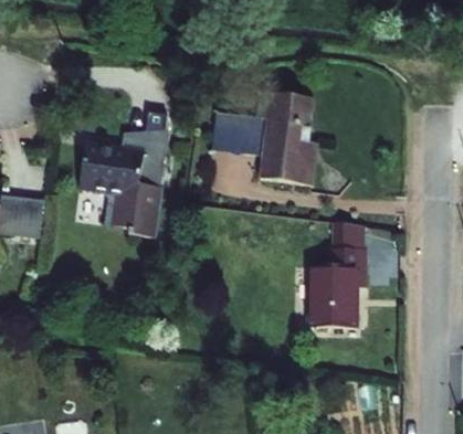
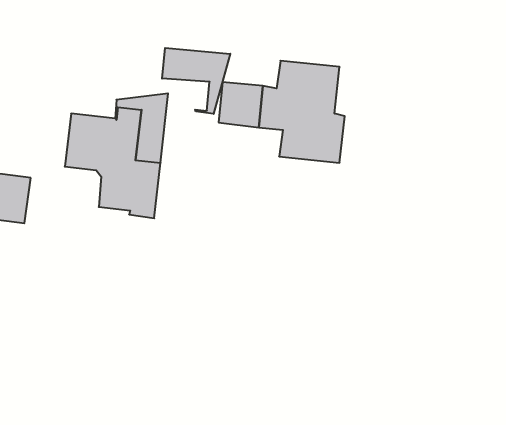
building: none -> [162,48,230,114]
building: [307,243,369,325] -> none

